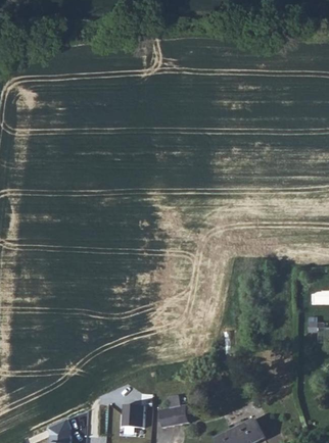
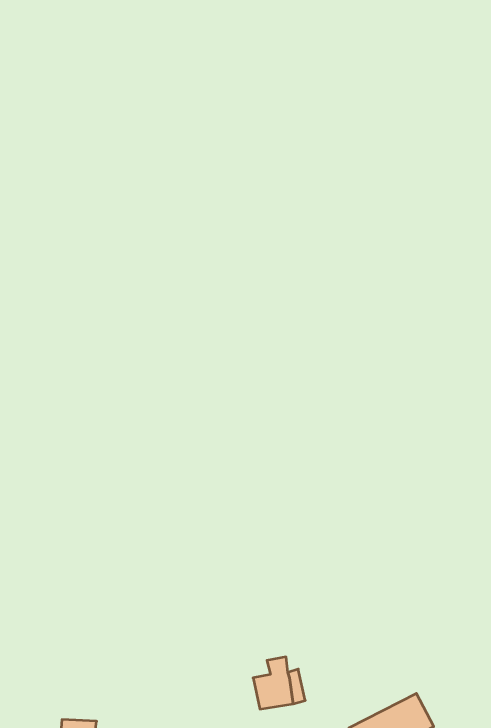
building: [120,403,142,426] -> none

